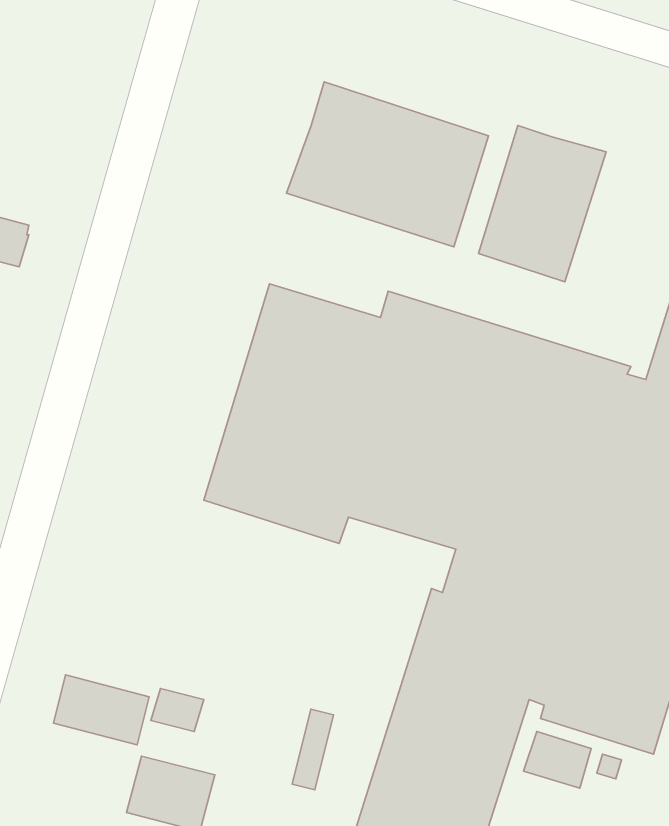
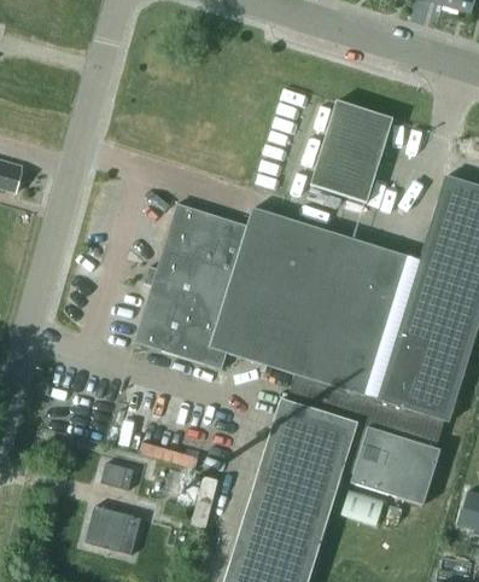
building: [286,82,488,247] -> none
building: [54,675,149,745] -> none

